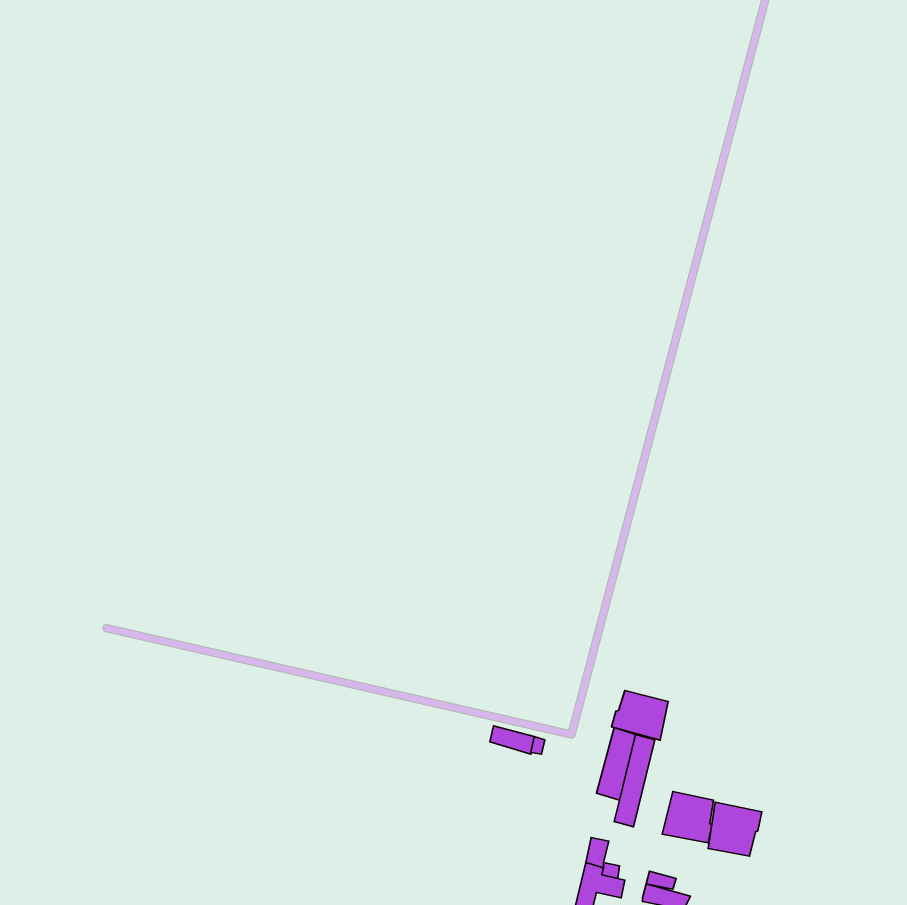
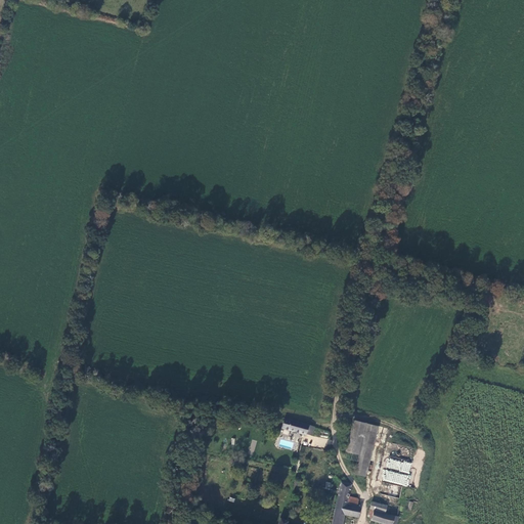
building: [612,691,668,740] -> none
building: [708,802,762,856] -> none

